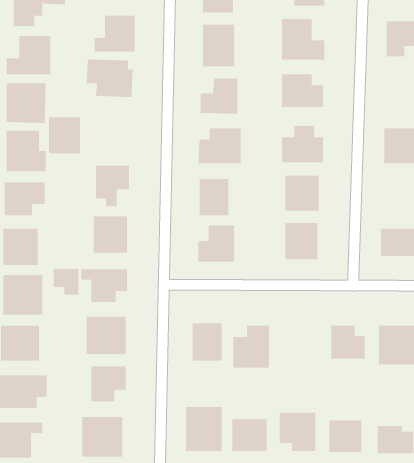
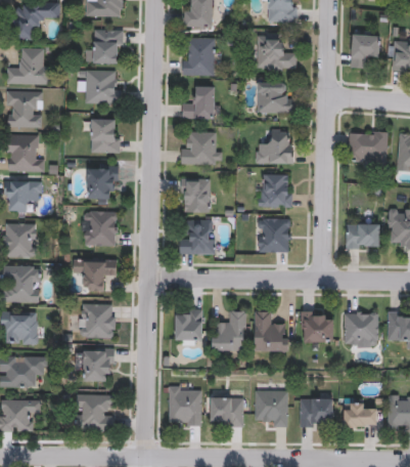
building: [48,117,81,154] -> [90,119,120,153]
building: [53,268,79,296] -> none
building: none -> [254,311,289,352]

